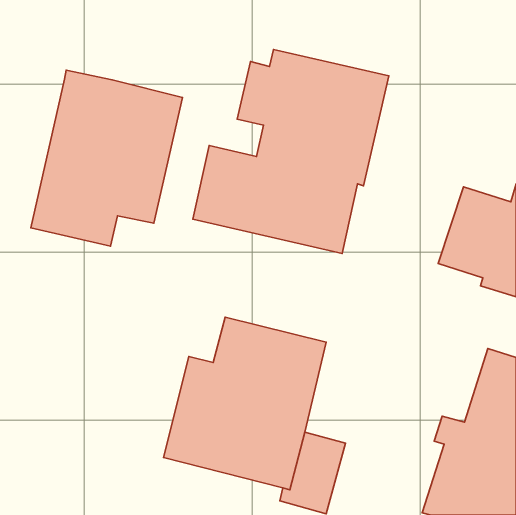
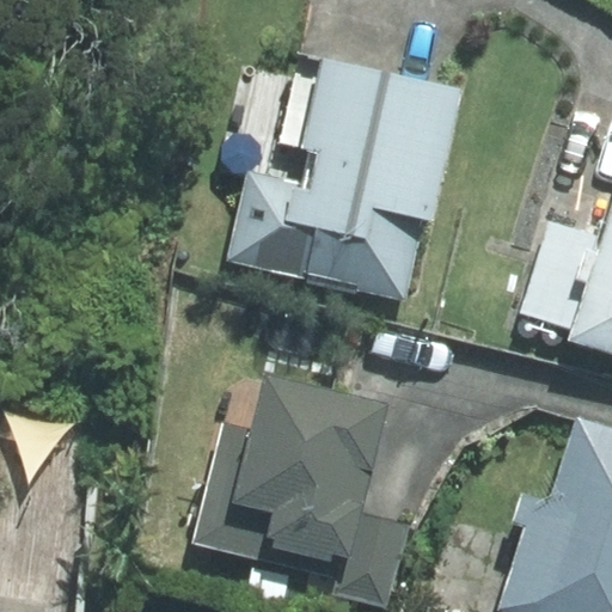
building: [31,70,183,246] -> none

